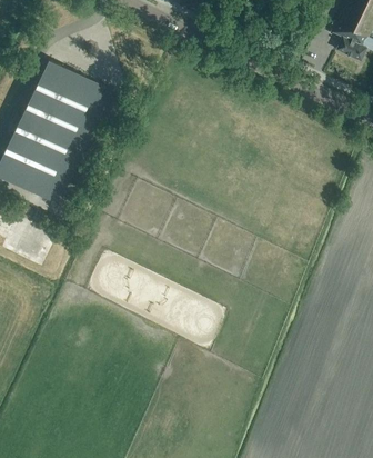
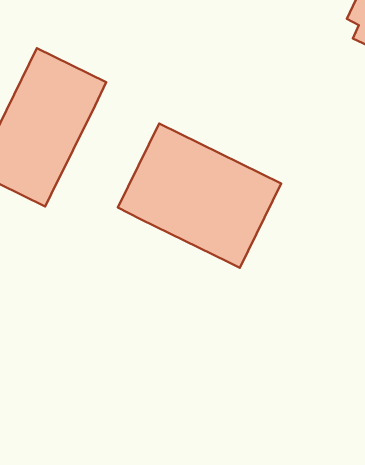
building: none -> [118,123,281,268]

